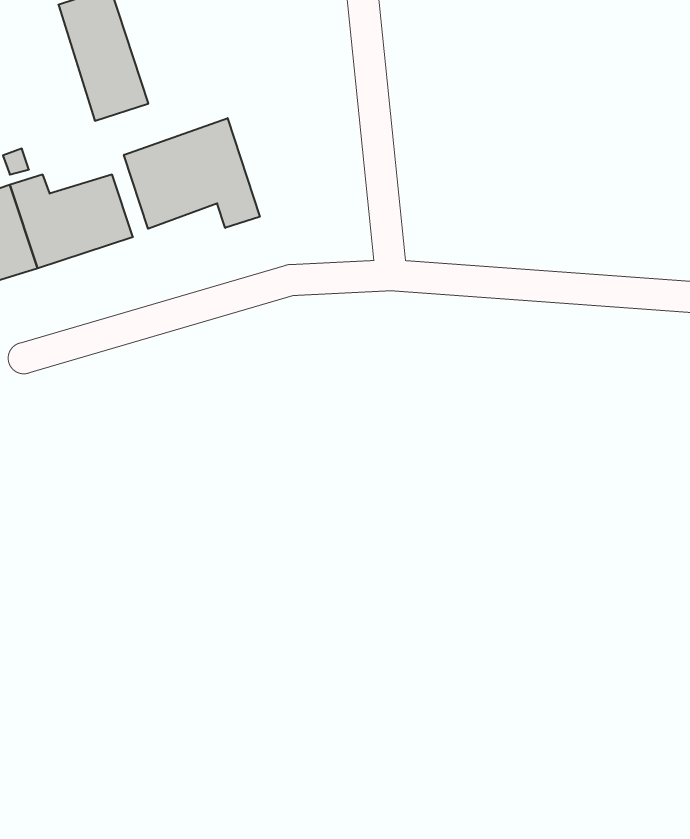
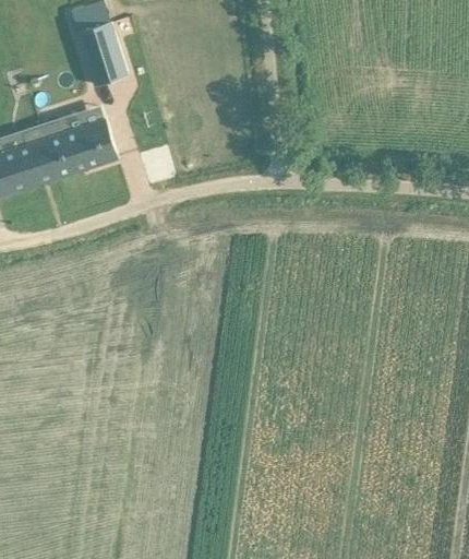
building: [124,118,260,229] -> none

